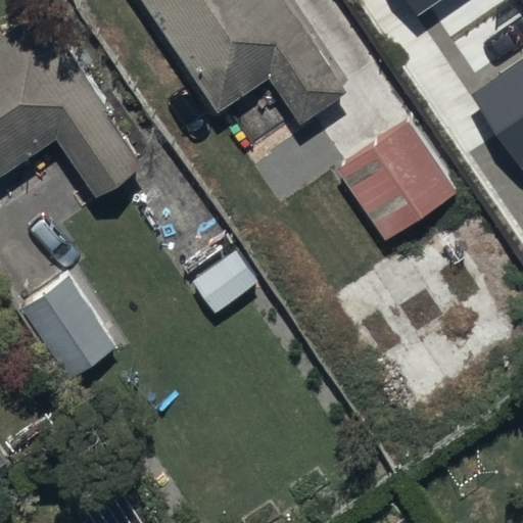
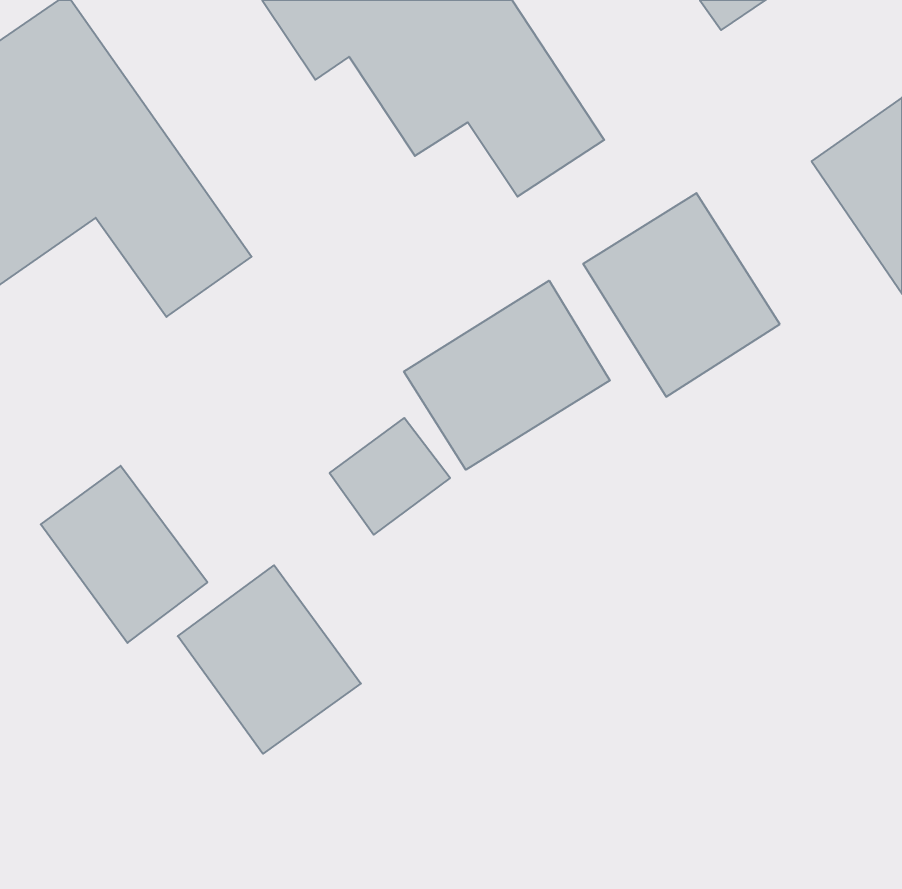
building: none -> [404,281,610,470]
building: none -> [178,565,361,754]

